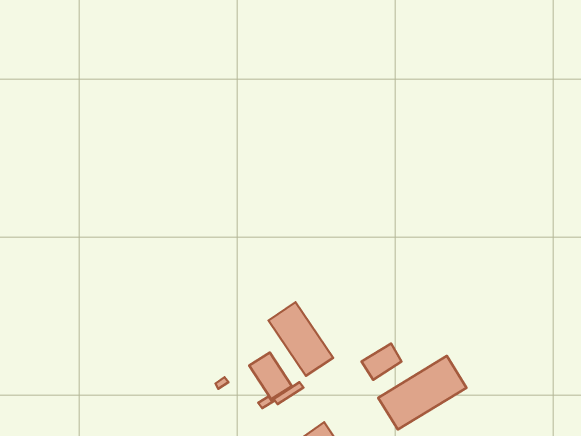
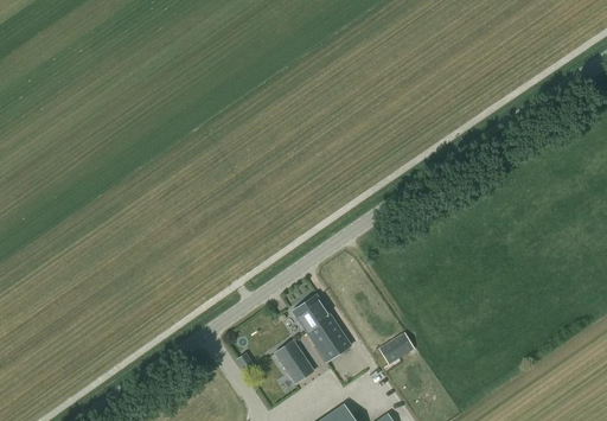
building: [378,356,466,430] -> none

